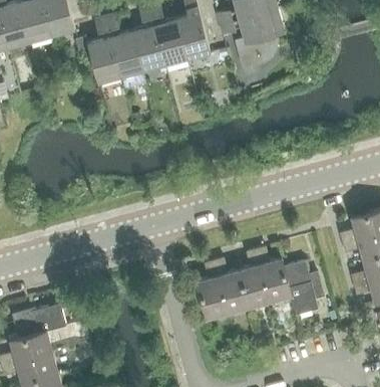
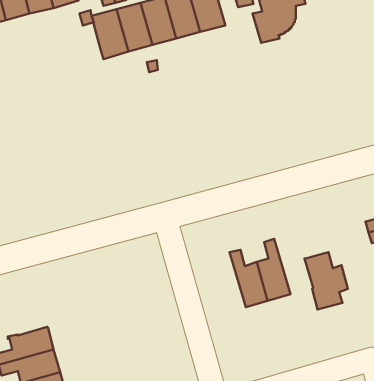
building: [255,247,291,301] -> none
building: [196,261,229,320] -> none
building: [12,304,65,339] -> none

